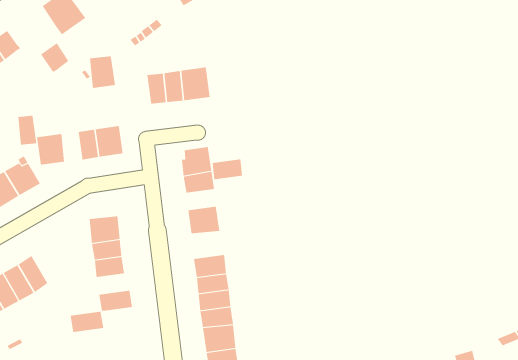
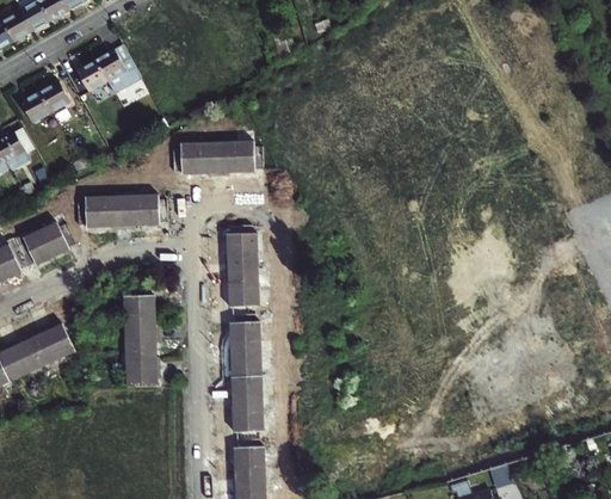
building: [40,43,69,73] -> [76,61,106,92]
building: [89,56,116,89] -> [174,143,199,175]
building: [17,115,37,145] -> [104,196,122,226]
building: [212,159,243,180] -> [227,270,258,289]
building: none -> [228,314,261,340]
building: [70,311,104,332] -> [124,349,159,368]

